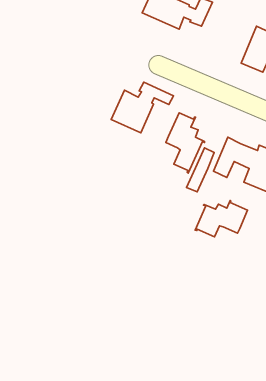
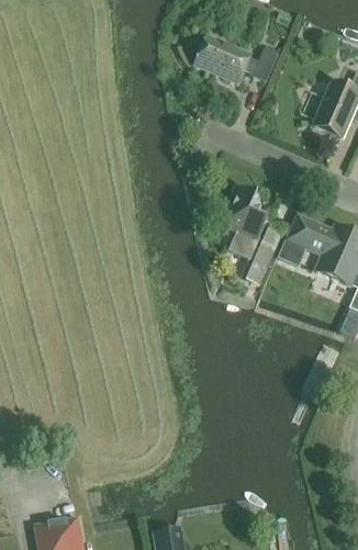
building: [111,82,173,133] -> none
building: [195,200,248,237] -> none

